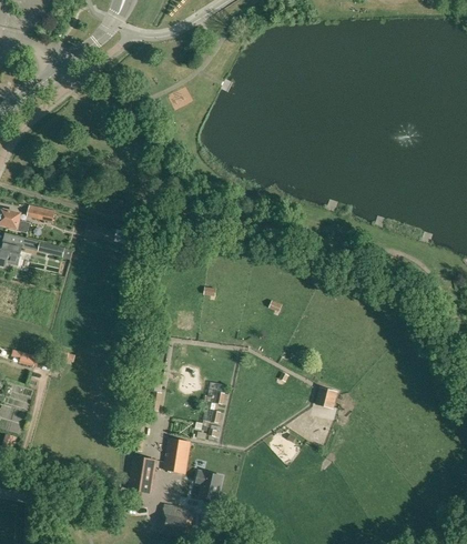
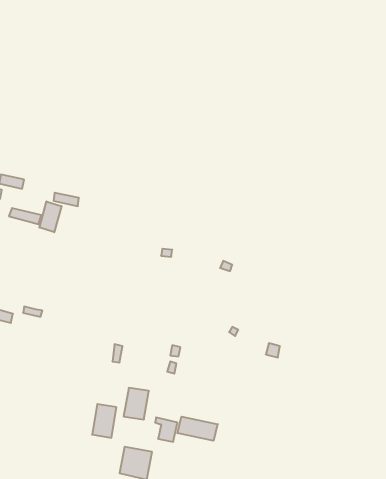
building: none -> [39,201,62,232]
building: none -> [177,417,218,441]

